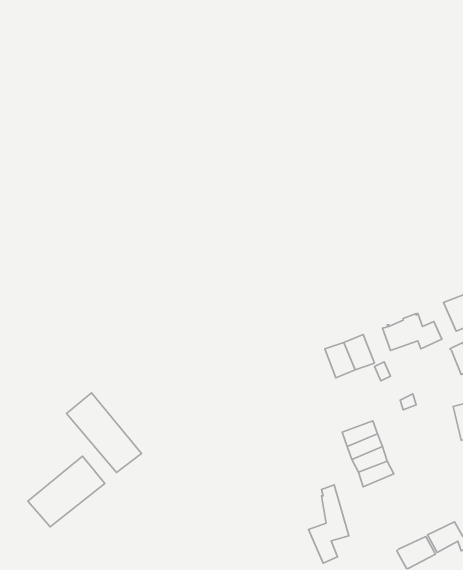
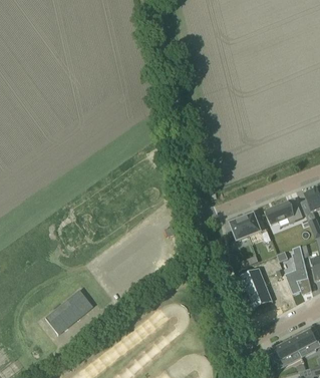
building: [66,393,141,473] -> none
building: [309,485,349,563] -> [284,246,309,295]

